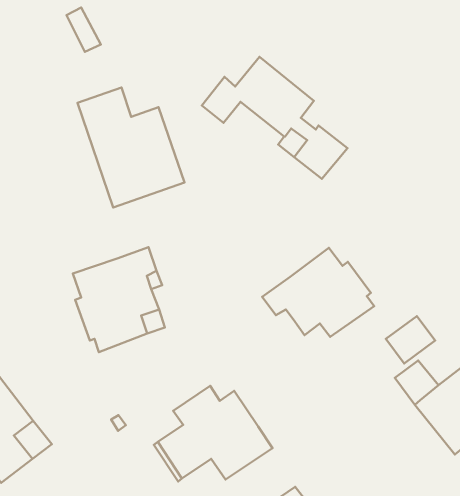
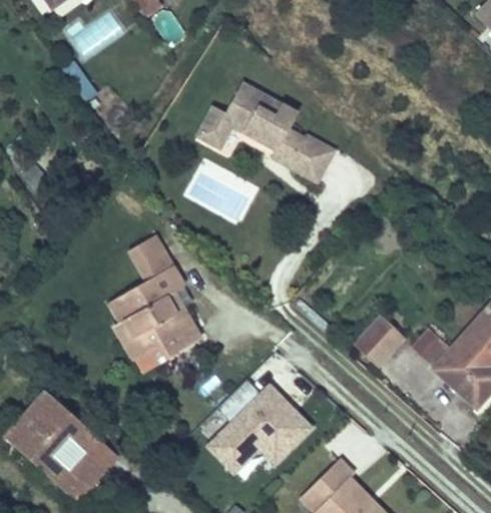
building: [77,87,184,207] -> none
building: none -> [129,236,172,283]
building: [262,248,374,337] -> none
building: [386,316,435,363] -> [358,320,402,364]

